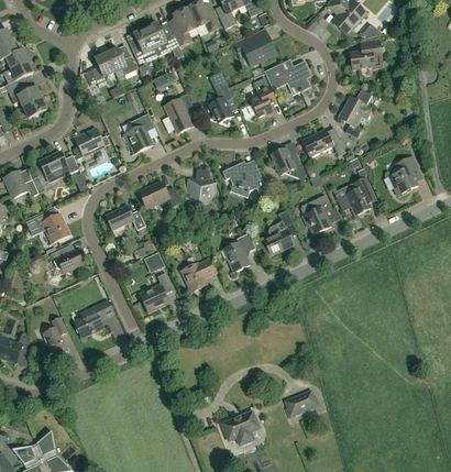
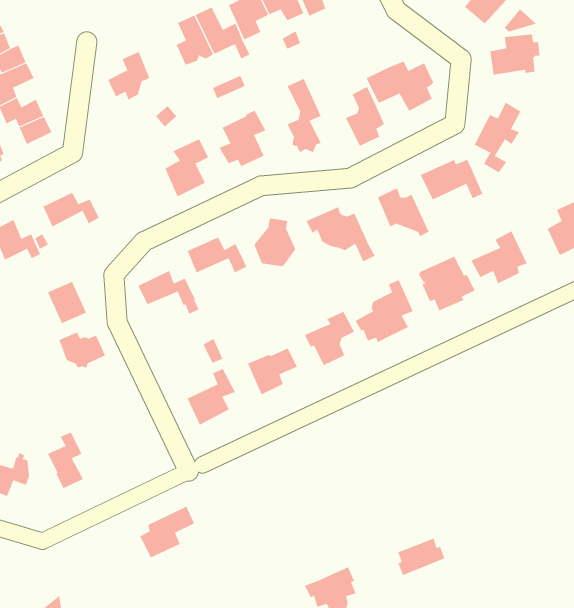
building: [234,30,276,65] -> none
building: [107,47,138,75] -> none
building: [73,128,105,158] -> none
building: [75,300,113,337] -> [139,506,195,558]

